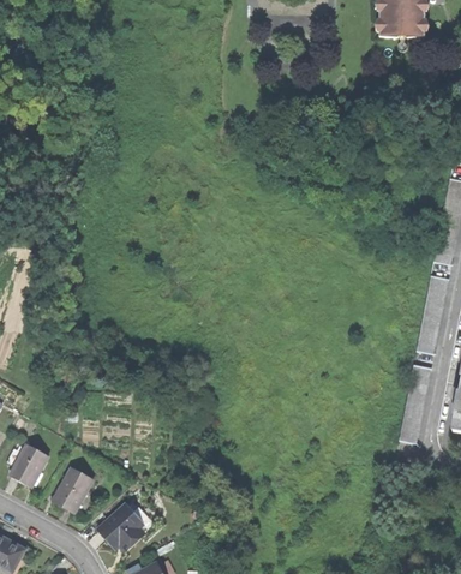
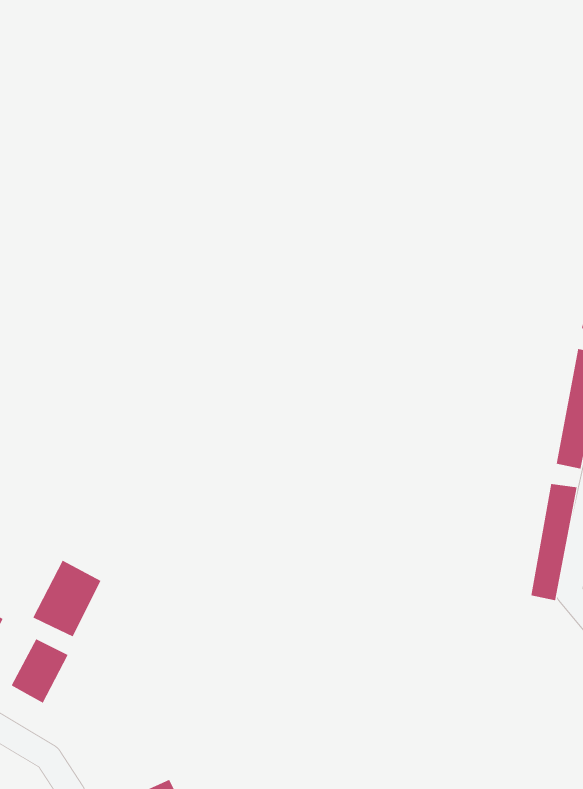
building: none -> [32,560,101,637]
building: [96,498,152,551] -> none

